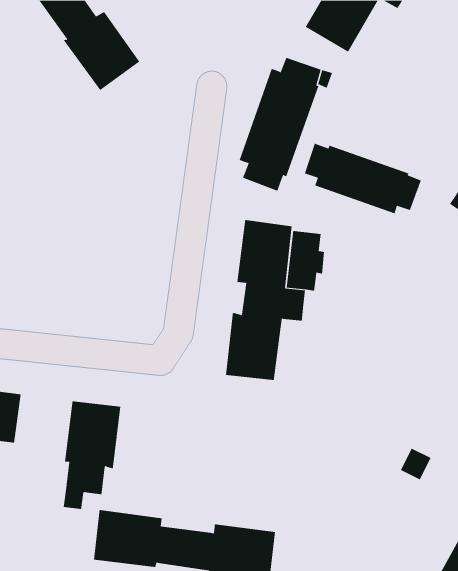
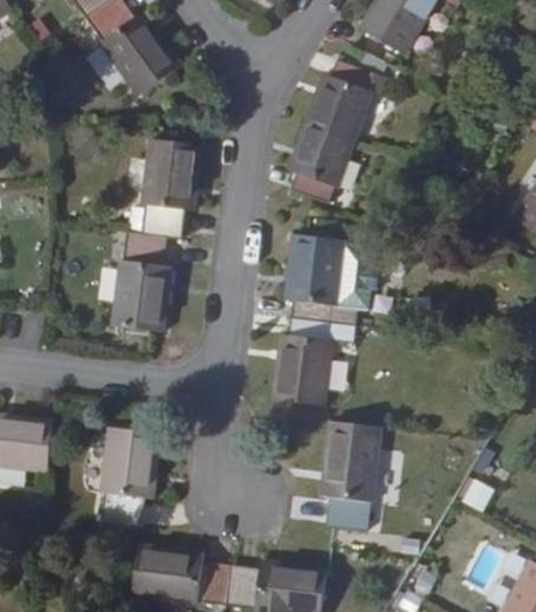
building: none -> [111,139,203,333]
building: [304,143,421,214] -> none
building: none -> [319,421,383,532]

